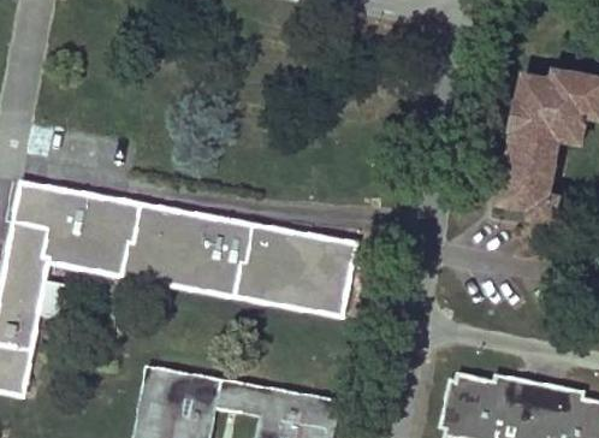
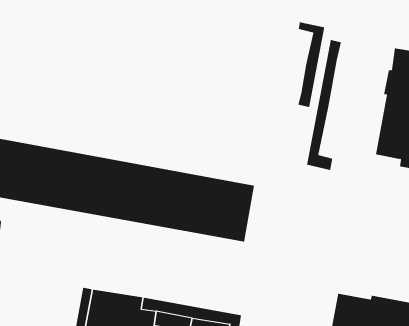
building: none -> [298,21,325,108]
building: none -> [306,39,342,171]

